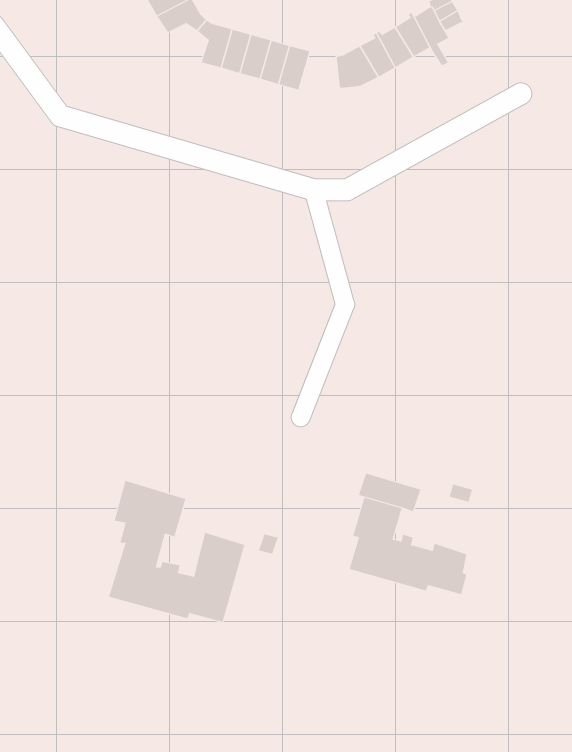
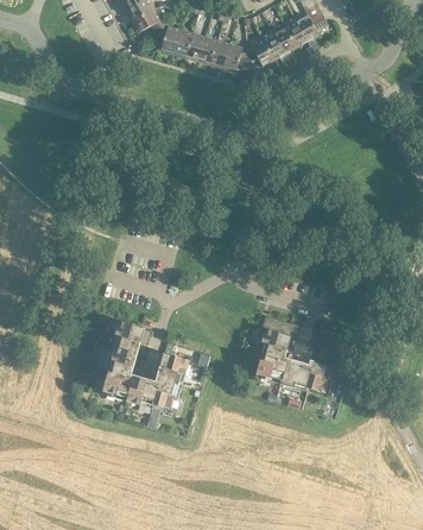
building: none -> [222,43,248,71]

